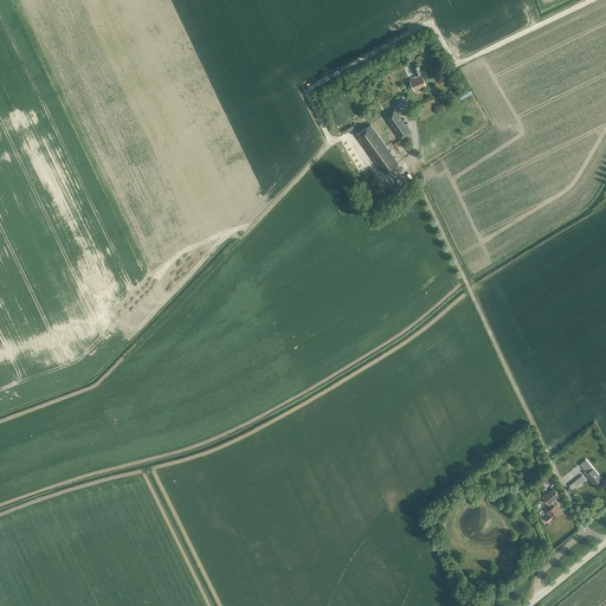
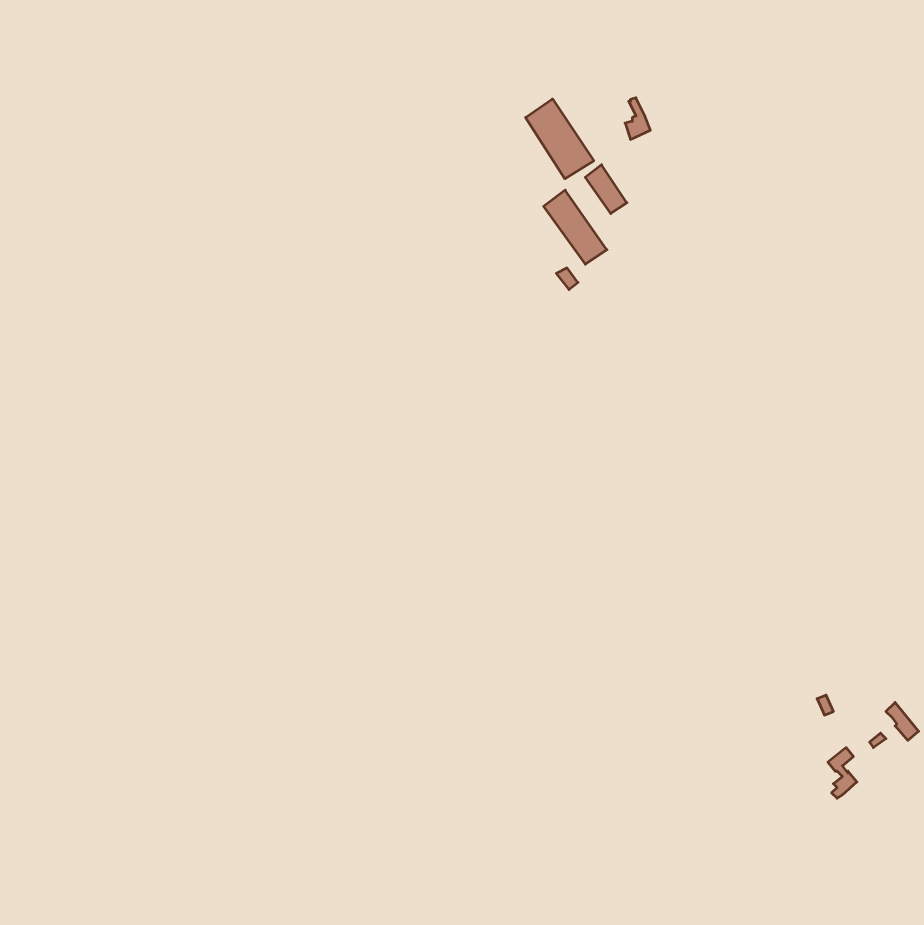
building: none -> [526,99,594,179]

